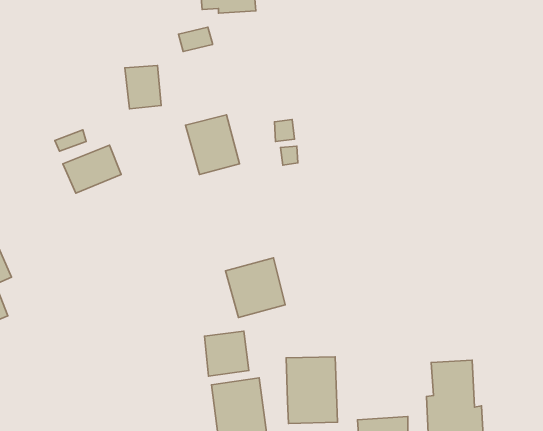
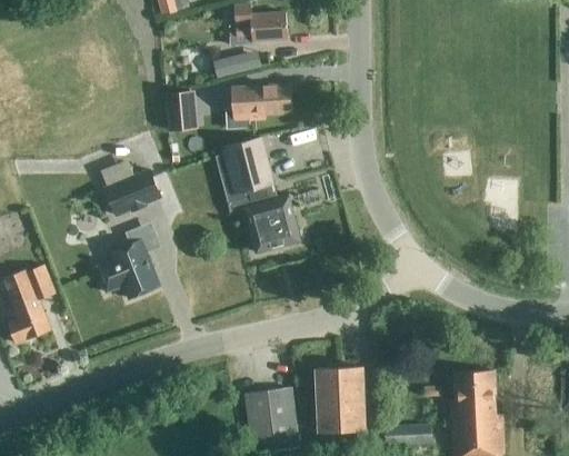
building: none -> [231,83,292,121]
building: none -> [94,238,160,296]
building: [226,258,285,318] -> [243,196,300,252]
building: [204,331,249,376] -> none

